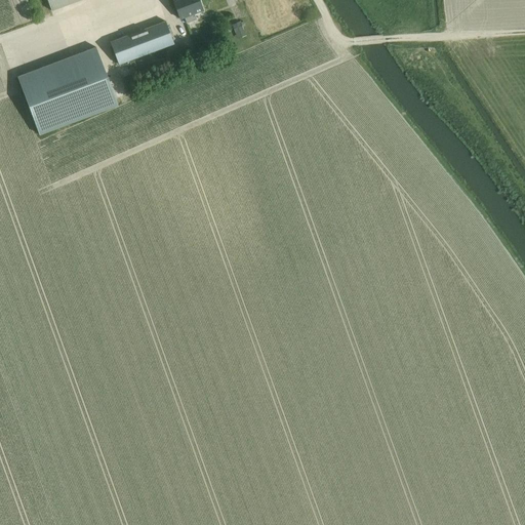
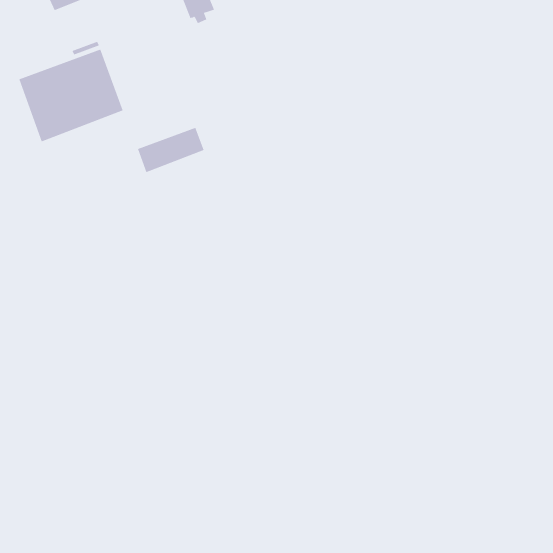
building: [111,21,174,64] -> [137,127,205,173]

